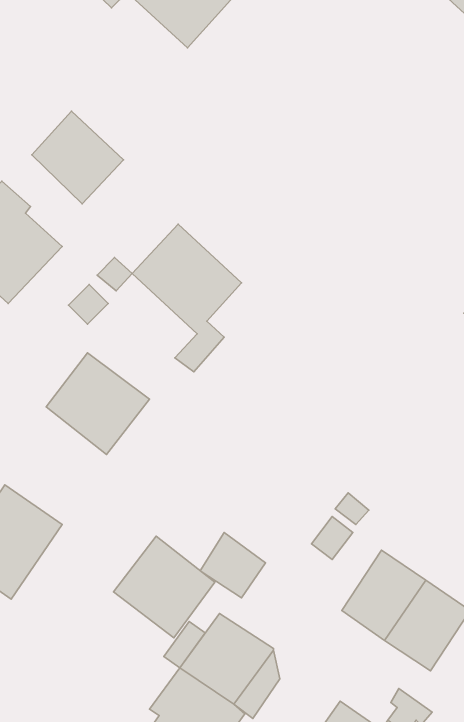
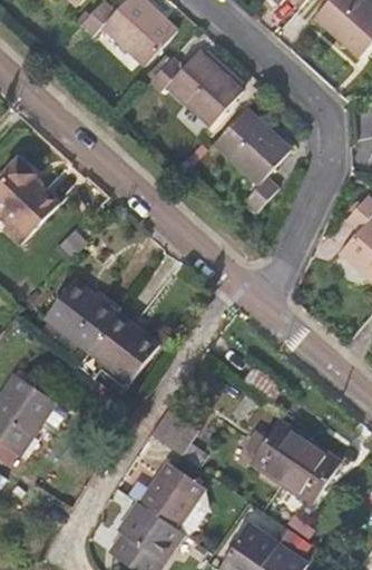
building: none -> [148,52,239,126]
building: [32,111,124,204] -> none
building: [132,224,242,372] -> [212,109,288,213]
building: [113,536,215,638] -> [87,312,158,383]

